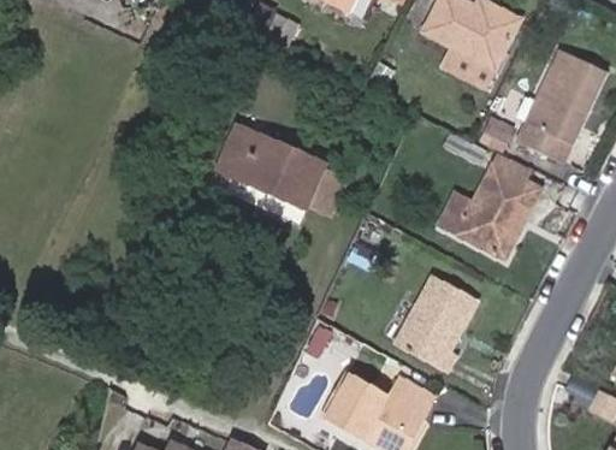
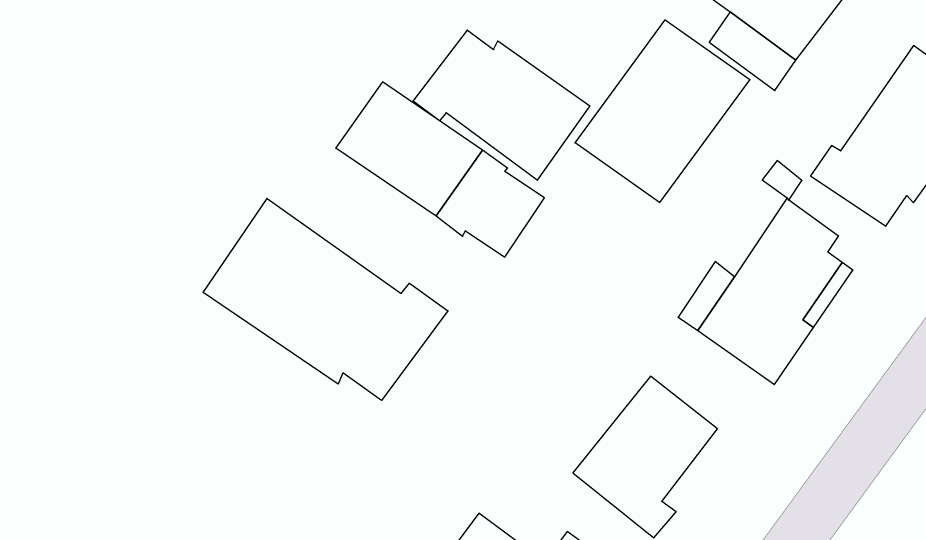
building: none -> [575,20,750,203]
building: none -> [413,30,590,180]
building: none -> [203,198,448,400]

